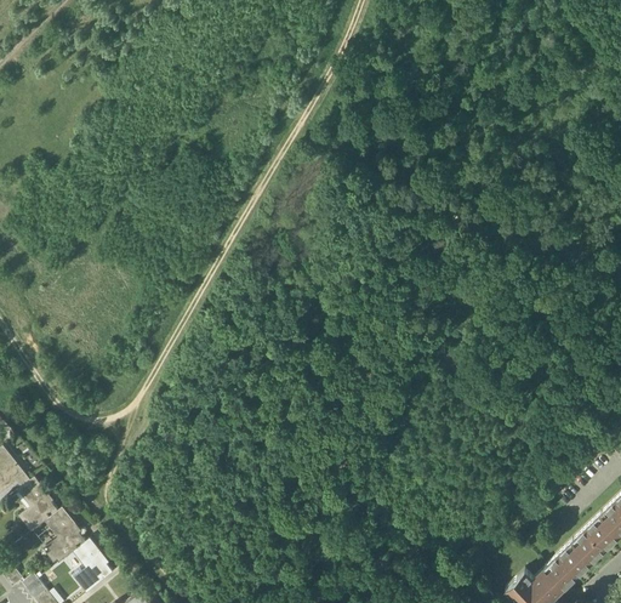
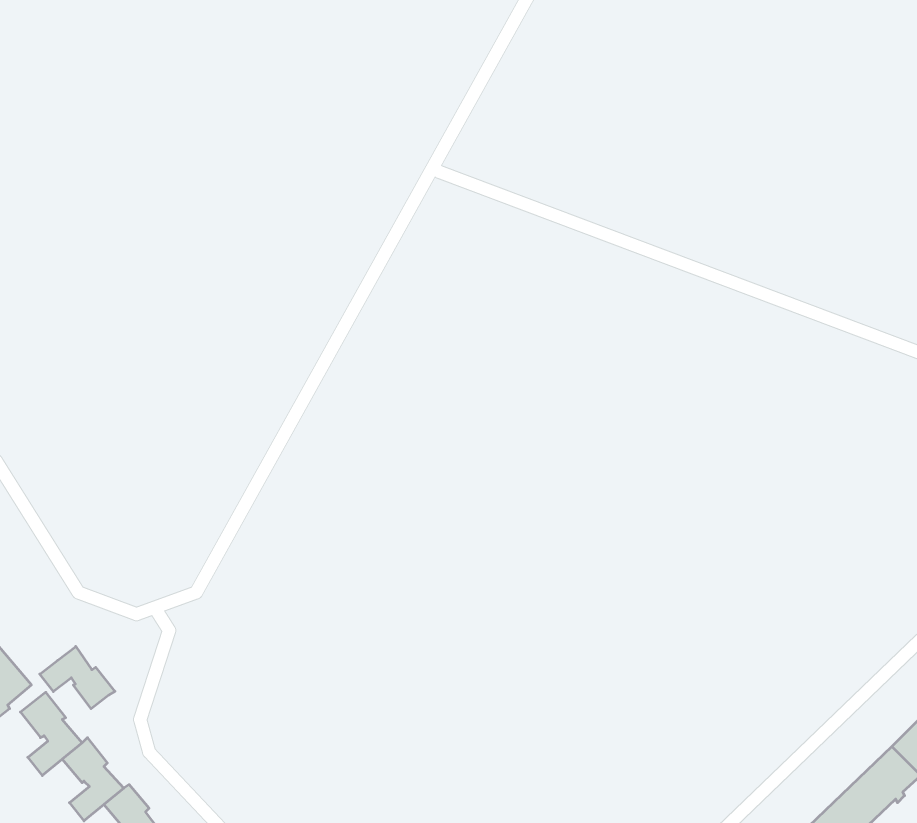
building: none -> [40,646,115,709]

